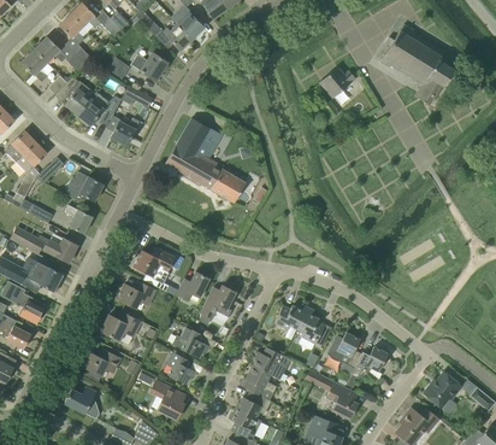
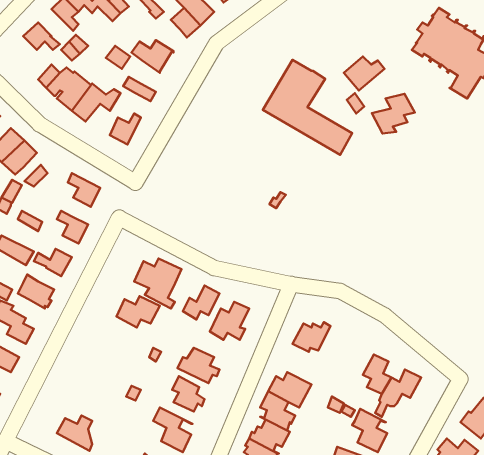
building: [22,49,54,82] -> none
building: none -> [372,94,415,133]
building: [166,118,246,203] -> [263,60,352,155]
building: [297,308,325,344] -> none
building: [101,311,142,346] -> none
building: [83,351,122,382] -> none

